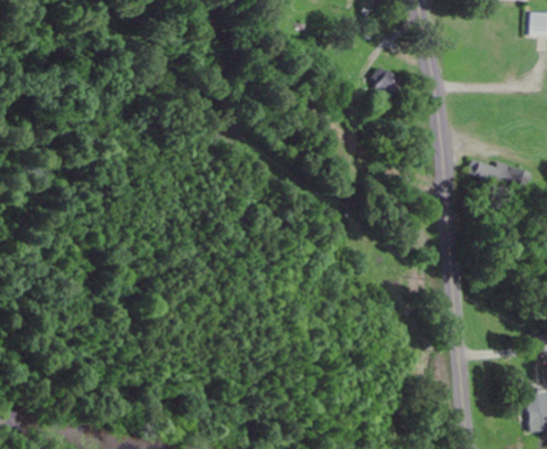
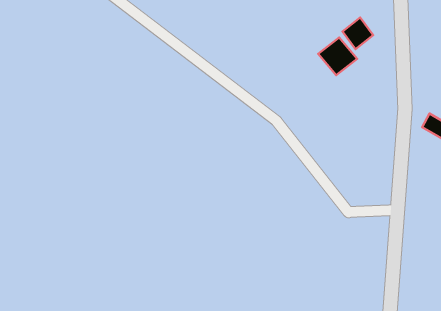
building: none -> [318,37,357,75]

